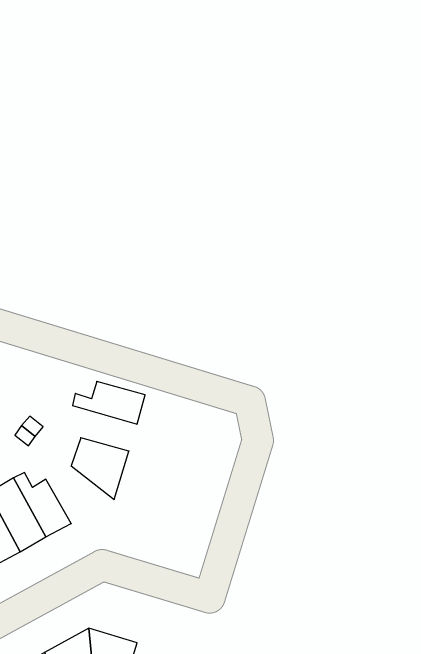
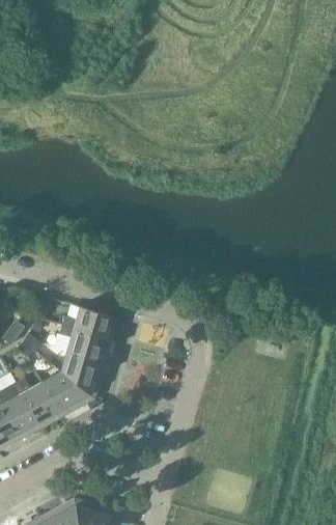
building: none -> [55,326,108,361]
building: none -> [37,372,90,417]

